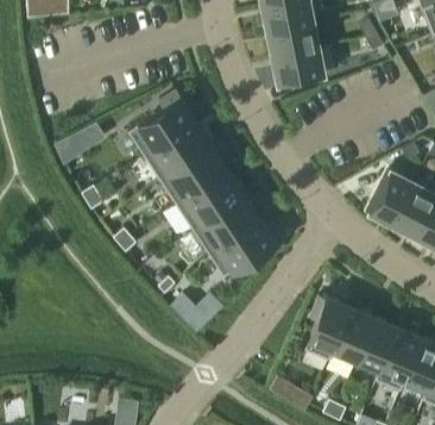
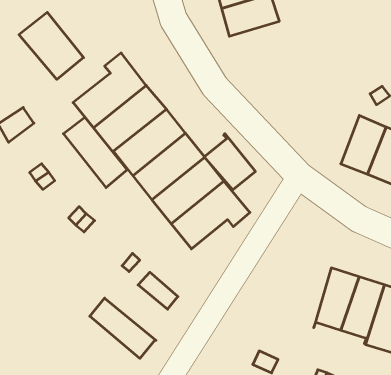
building: none -> [19,12,84,79]
building: none -> [63,117,127,188]
building: none -> [204,134,255,190]
building: [304,295,351,360] -> none
building: none -> [90,298,156,358]

